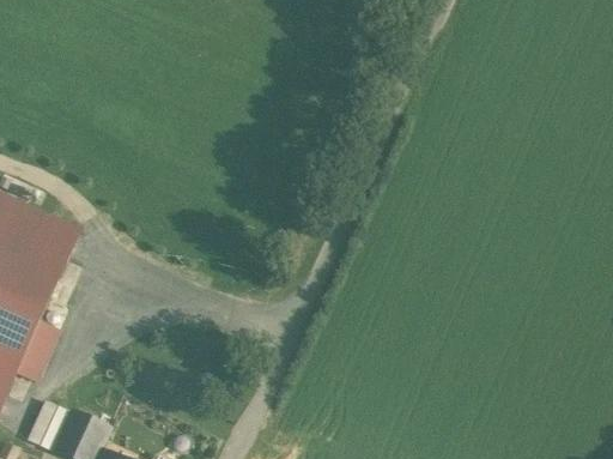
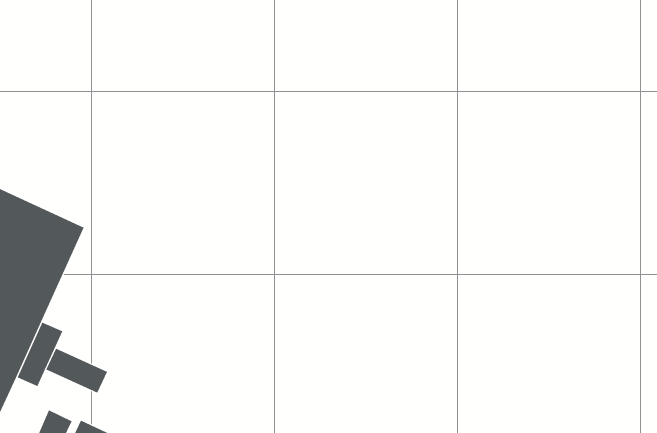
building: none -> [46,348,108,393]

